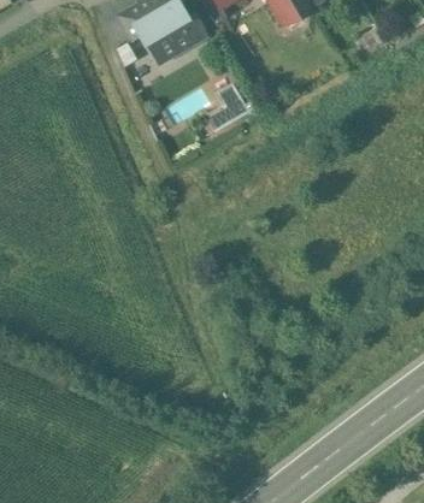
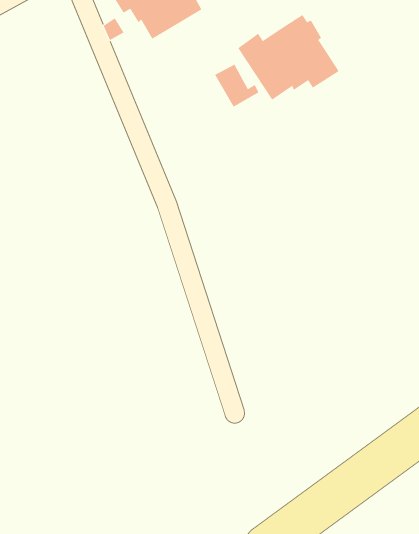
building: none -> [238,14,340,100]

